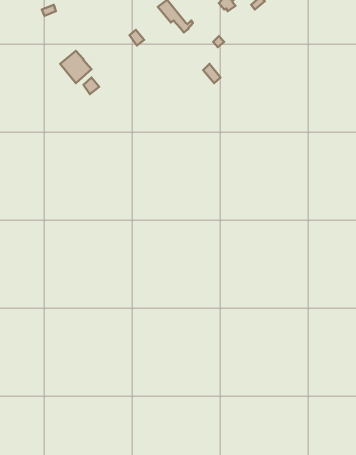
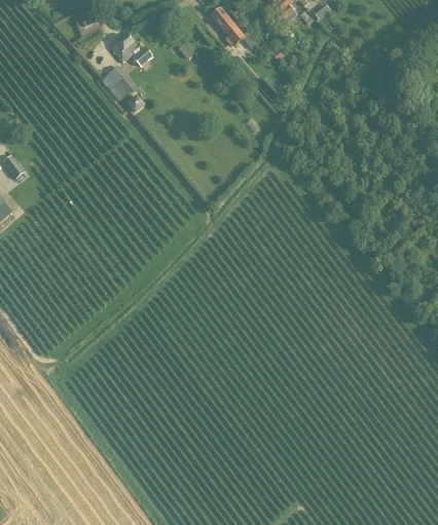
building: none -> [109,34,145,62]

